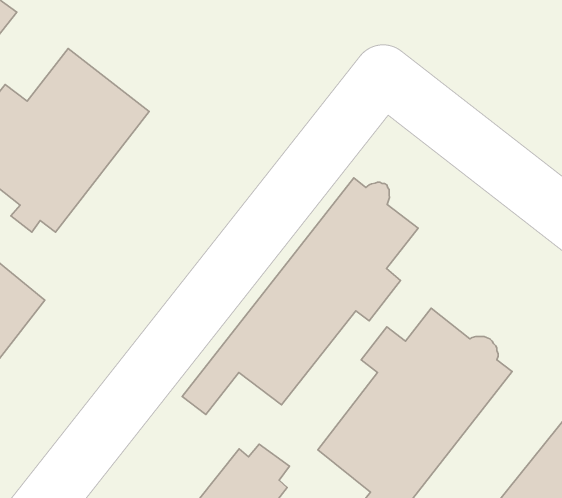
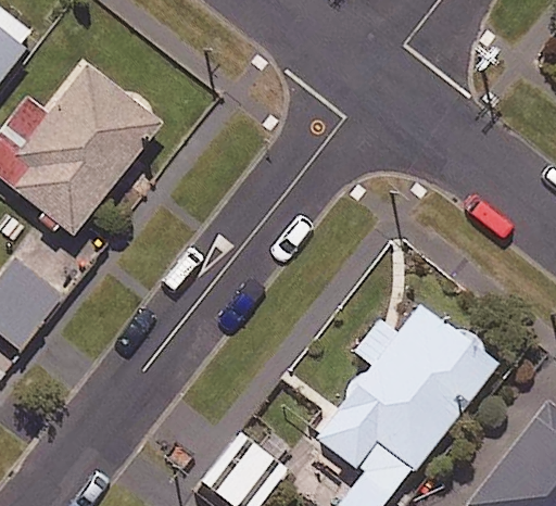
building: [182,178,418,414] -> none

